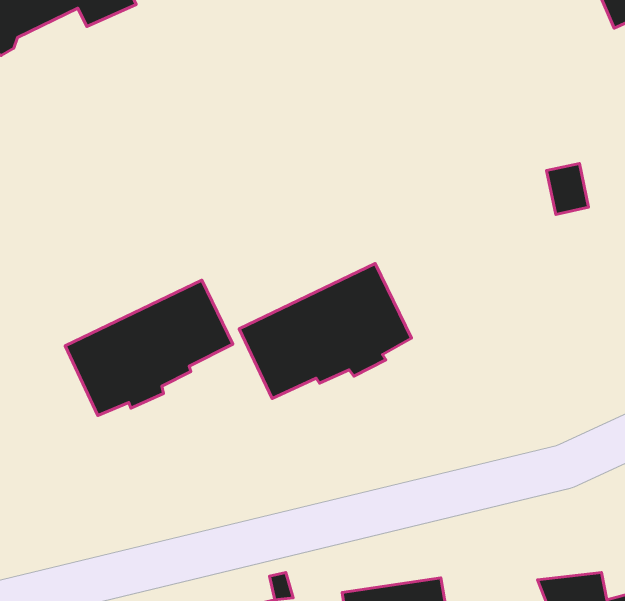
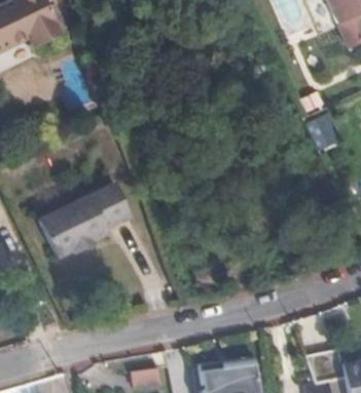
building: [239,264,412,398] -> none

